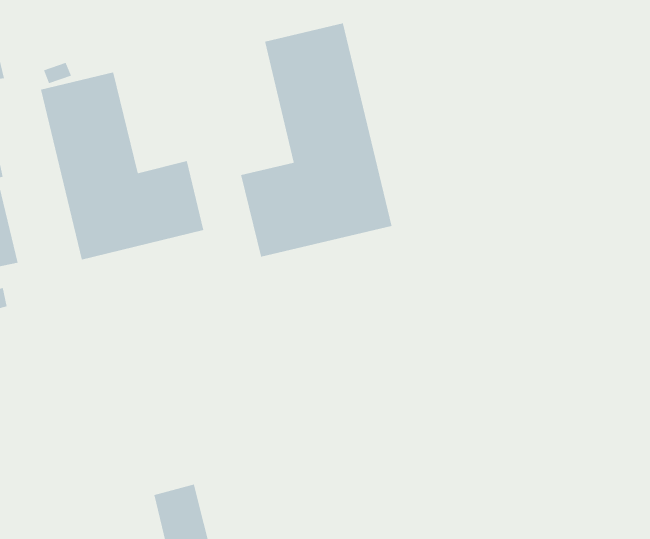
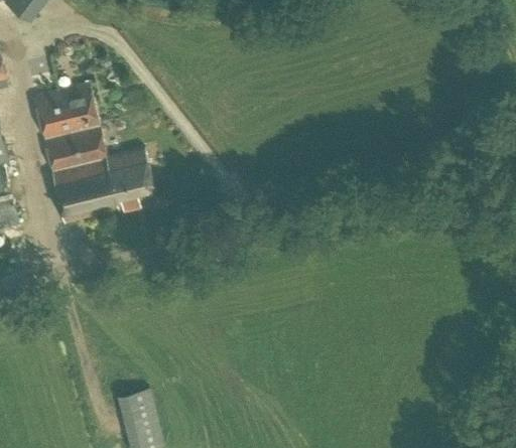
building: [240,22,392,257] -> none

